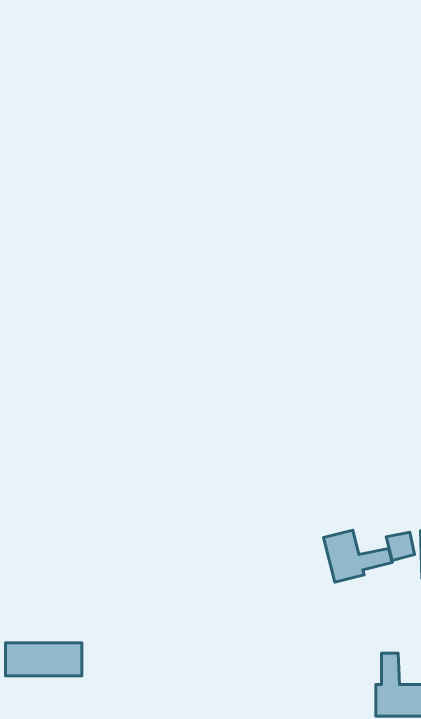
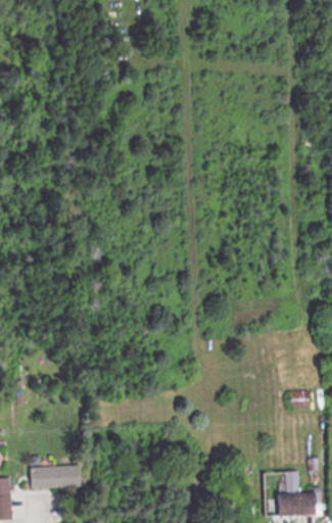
building: [324,530,392,582] -> none

